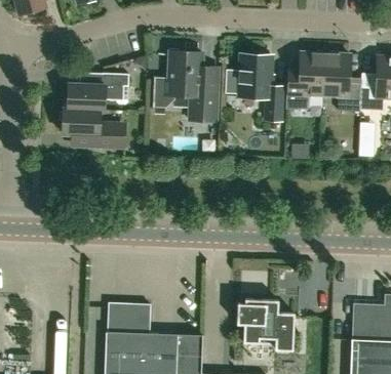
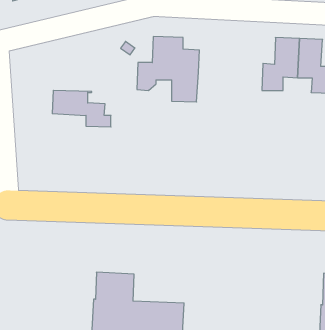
building: [225,53,282,120] -> none
building: [63,73,128,110] -> none
building: [236,299,294,350] -> none

